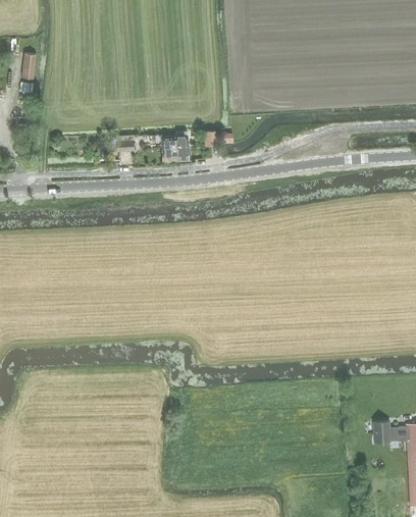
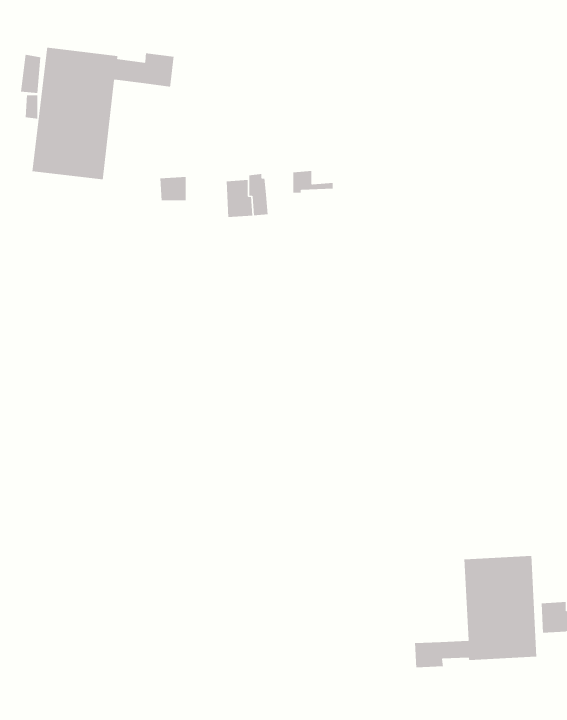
building: none -> [32,47,174,180]
building: none -> [414,555,537,668]

